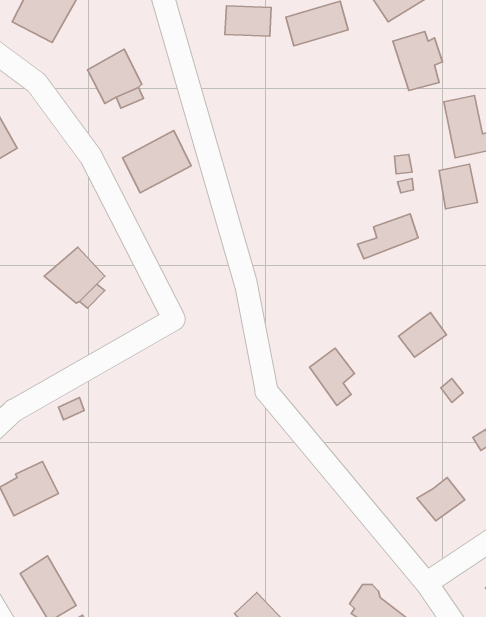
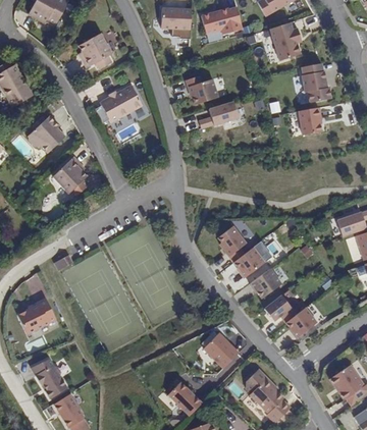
building: none -> [189,76,219,103]
building: none -> [24,117,65,158]
building: [358,214,418,259] -> [199,101,238,129]
building: [399,312,447,357] -> [234,246,265,274]
building: none -> [251,267,280,297]
building: none -> [265,294,296,320]
building: none -> [205,331,241,368]

